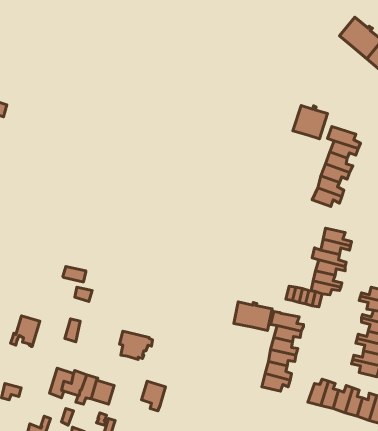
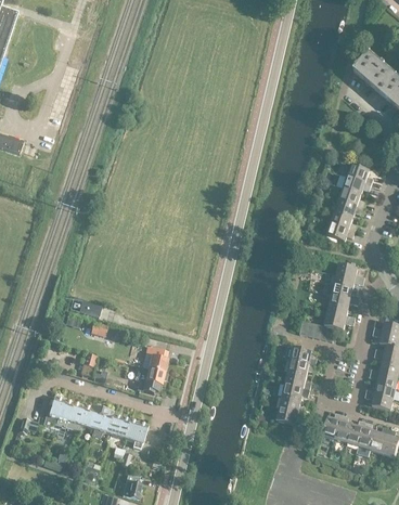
building: [293,106,328,139] -> none
building: [234,302,272,330] -> none
building: none -> [142,346,167,371]
building: [10,316,40,346] -> [43,396,73,426]
building: [142,381,166,411] -> [124,418,147,448]

